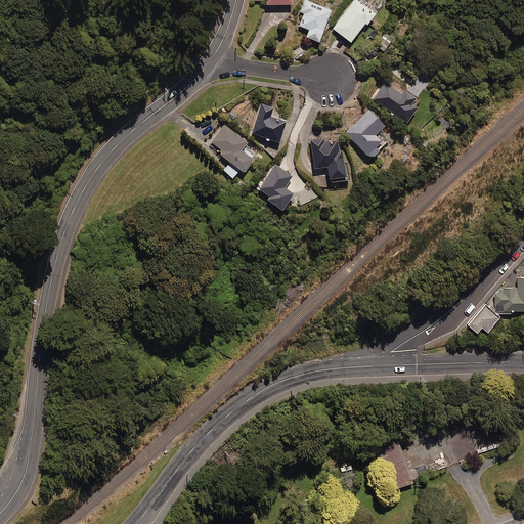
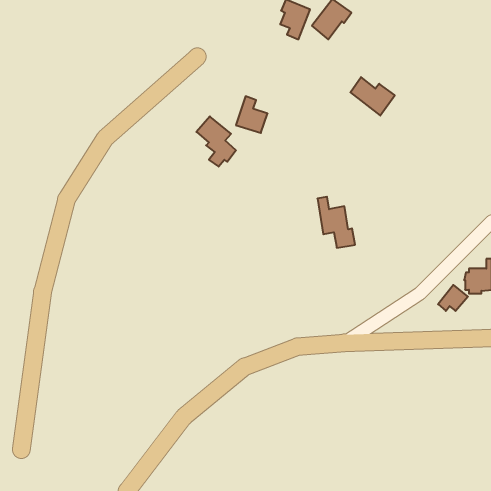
building: [345,110,389,158] -> none
building: [309,128,349,182] -> [317,197,355,248]
building: [258,164,293,210] -> none

